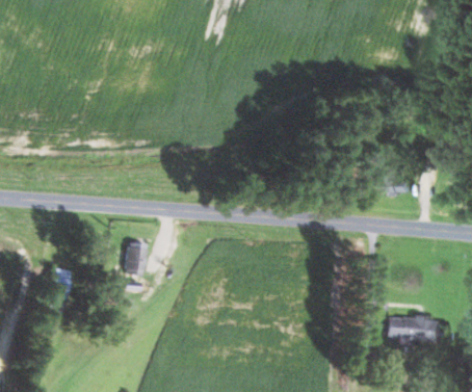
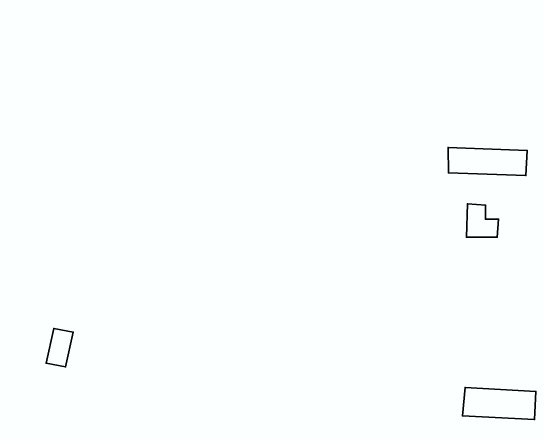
building: none -> [448,147,527,176]
building: [123,244,146,277] -> none

